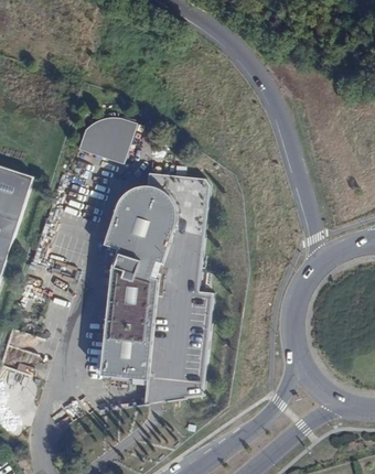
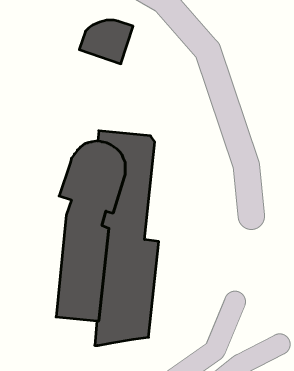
building: [75,117,133,164] -> [79,20,133,64]

